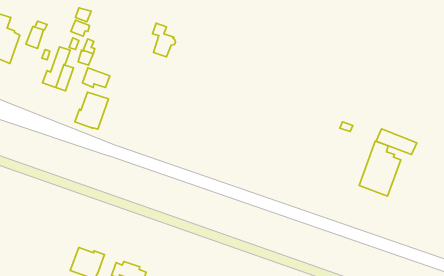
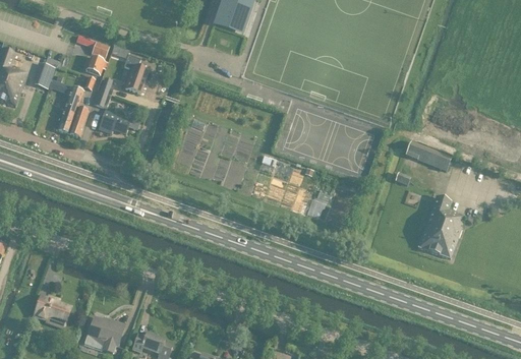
building: [152,23,175,57] -> [124,54,151,93]
building: [75,92,109,129] -> none
building: [376,129,417,154] -> [405,140,452,170]
building: none -> [34,295,71,322]

